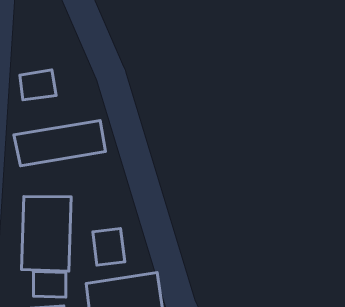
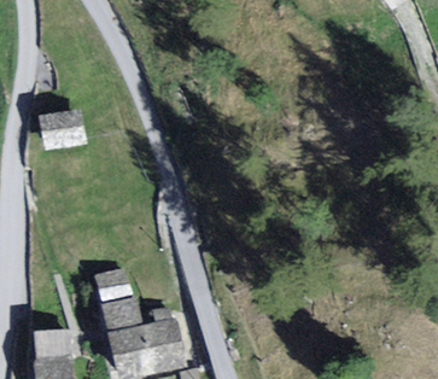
building: [14,121,106,166] -> none
building: [21,197,71,271] -> none

